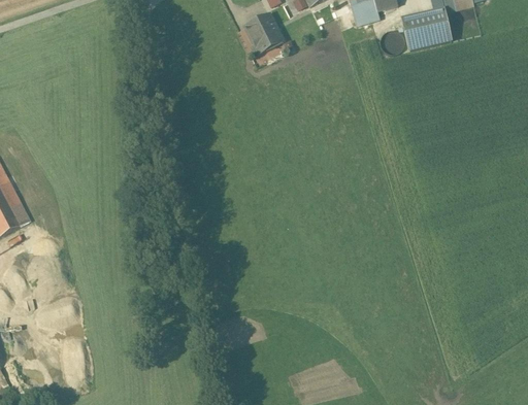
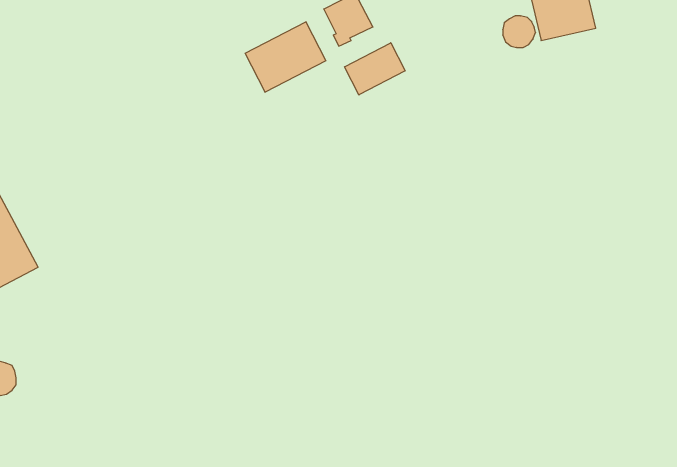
building: none -> [245,22,326,92]
building: none -> [345,43,405,95]

